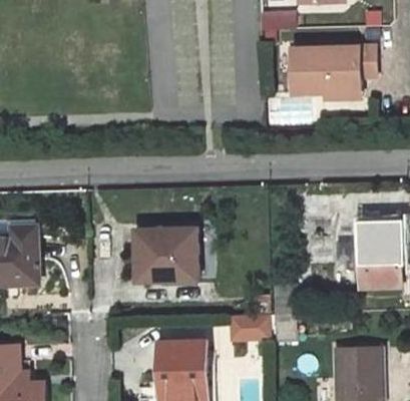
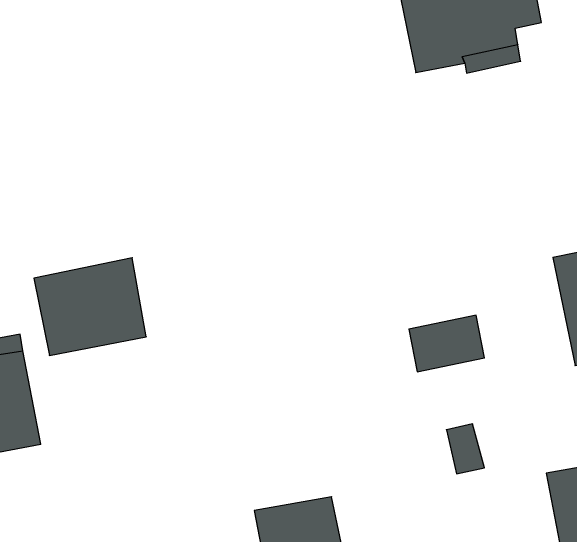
building: [134,228,195,278] -> [34,258,146,355]
building: [230,314,272,342] -> [409,315,484,372]

